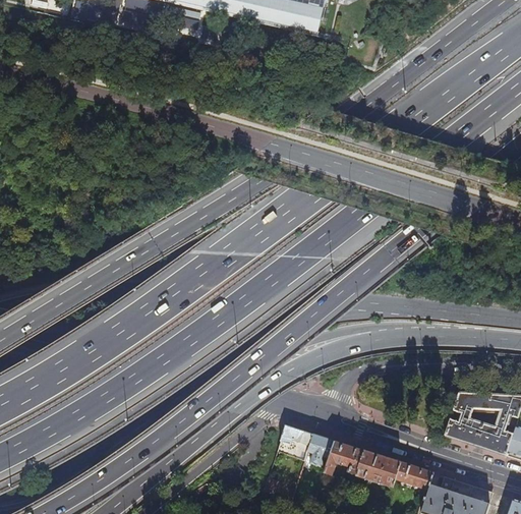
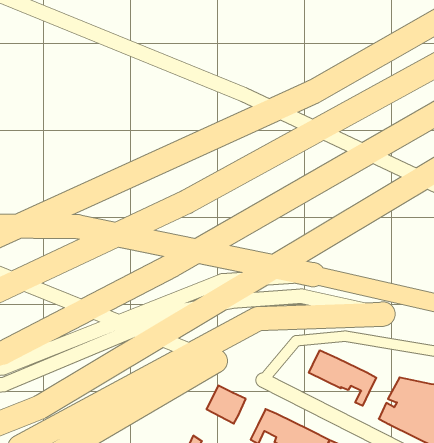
building: none -> [309,350,376,406]
building: [309,434,335,466] -> none

